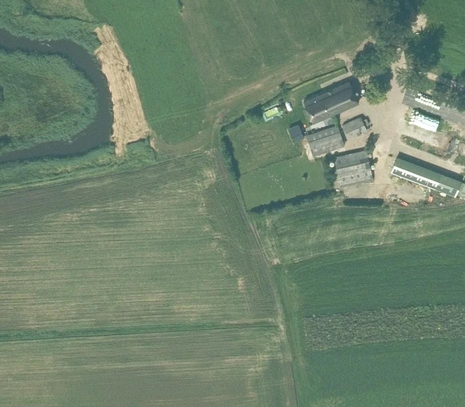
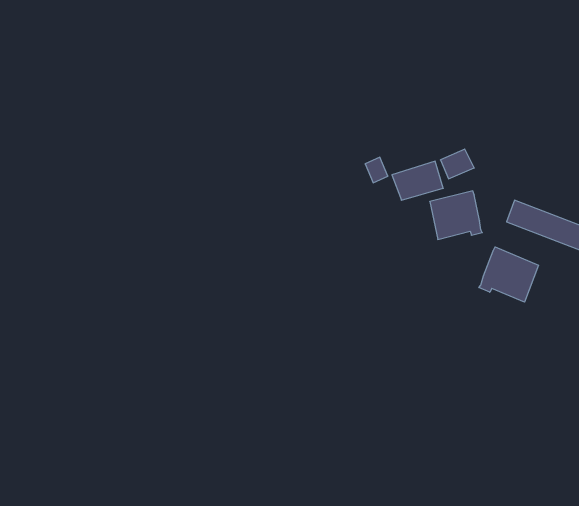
building: [304,82,359,124] -> none
building: none -> [479,247,539,302]

